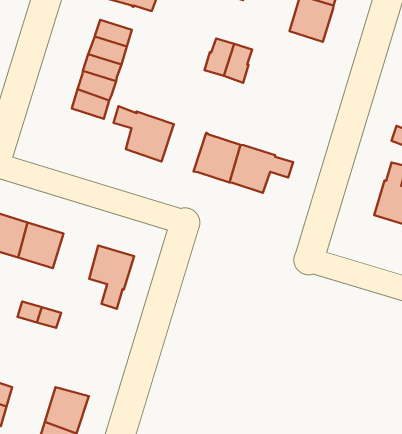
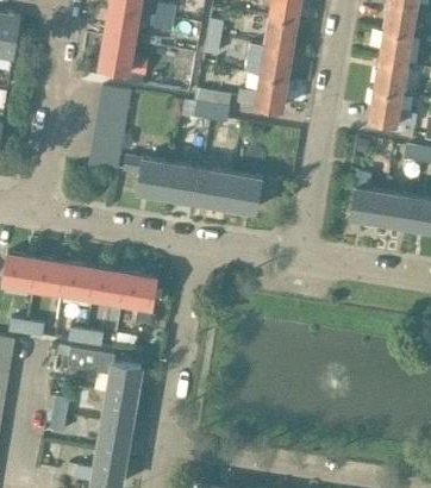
building: none -> [238,76,288,111]
building: none -> [169,165,202,202]
building: none -> [92,268,126,302]
building: none -> [68,349,140,399]

